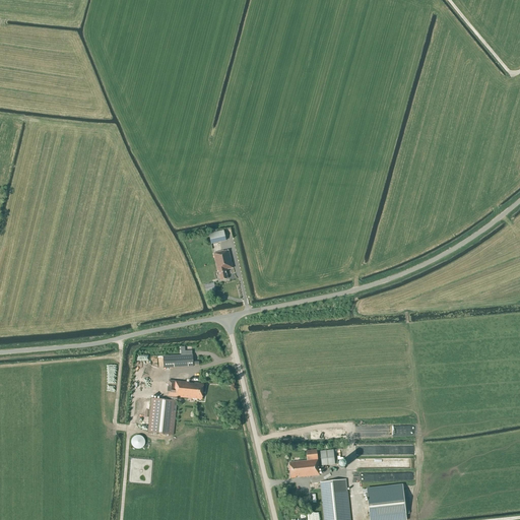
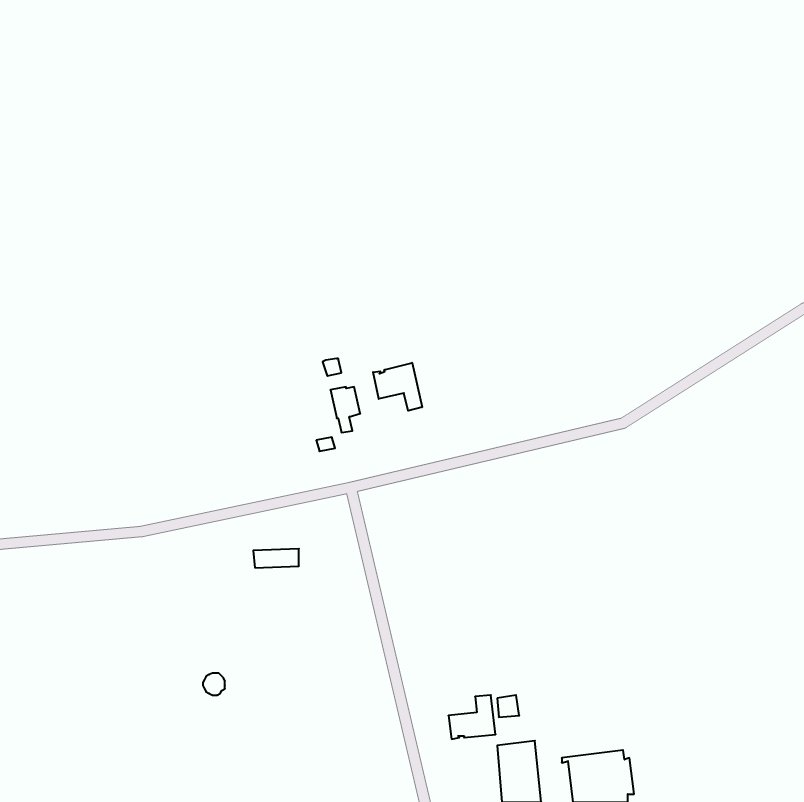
building: none -> [373,363,422,411]
building: [148,380,204,434] -> none

